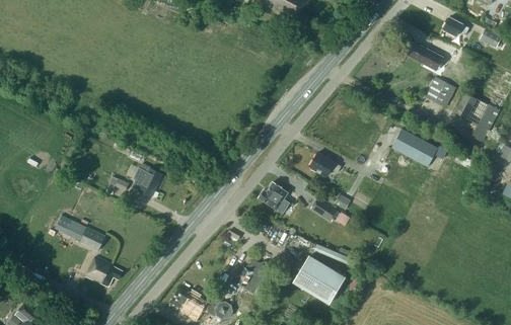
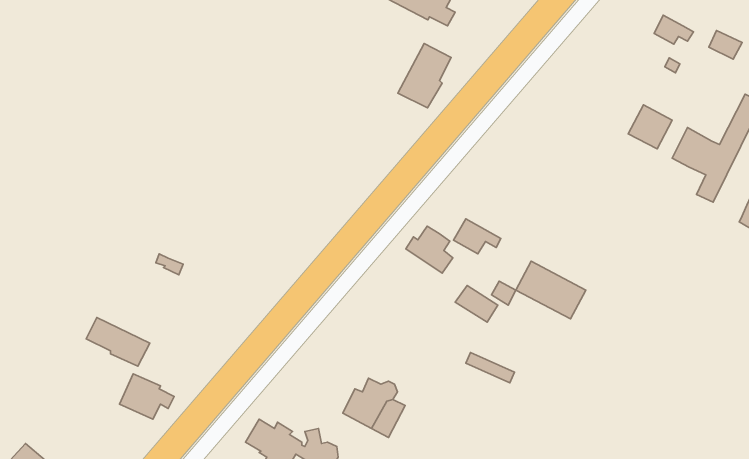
building: none -> [398,44,451,108]
building: [406,42,443,71] -> none
building: [390,129,437,167] -> [516,261,586,319]
building: [132,163,161,197] -> none
building: [258,182,289,214] -> [406,226,453,273]
building: [293,256,345,304] -> none

